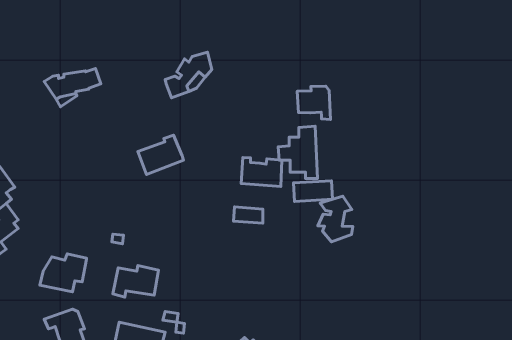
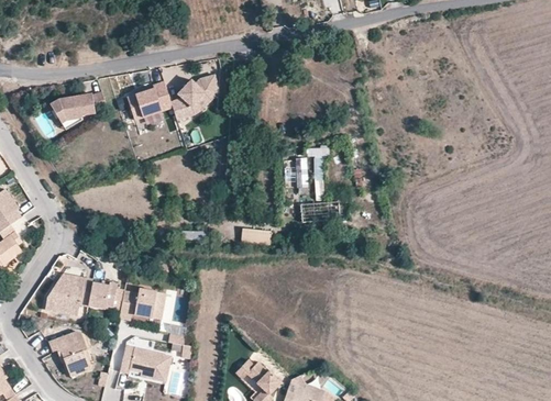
building: [297,86,330,120] -> none
building: [138,135,183,174] -> [125,79,172,119]
building: [241,158,282,187] -> none
building: [318,196,353,242] -> none
building: none -> [87,281,115,308]

